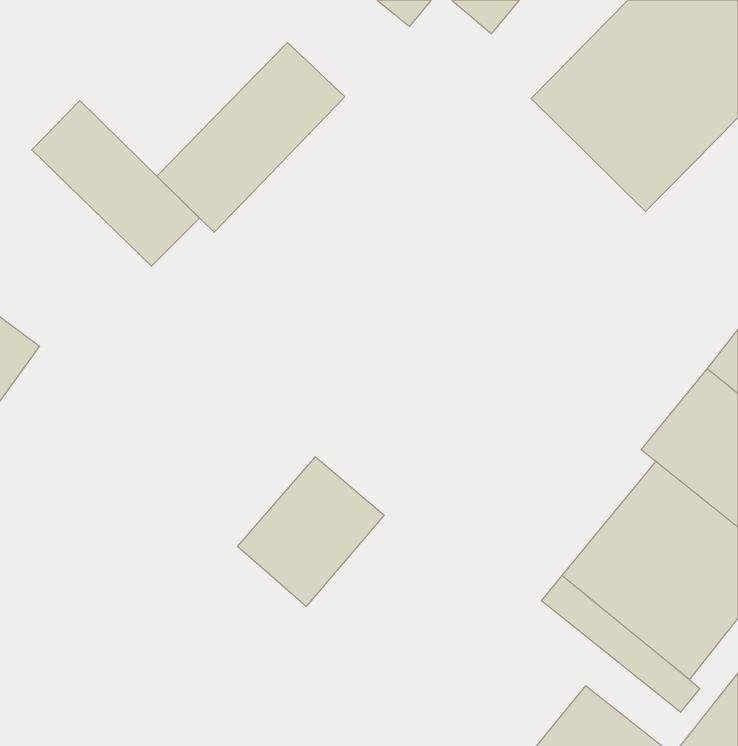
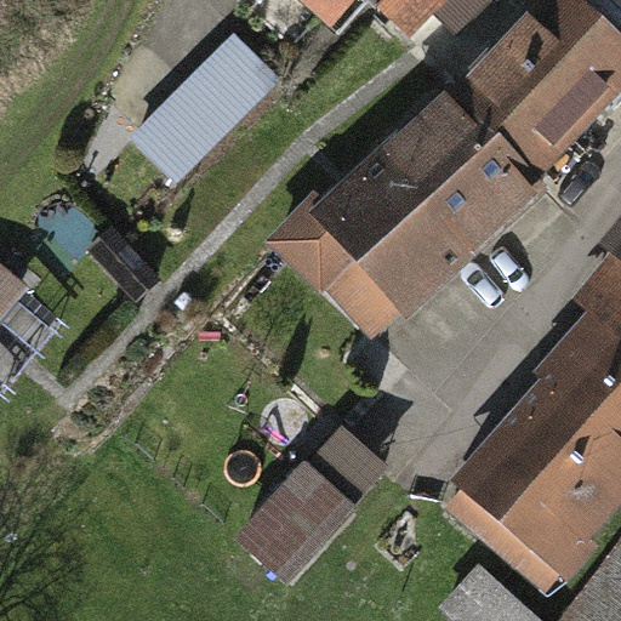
building: none -> [279,85,534,325]
building: [32,100,200,266] -> none
building: [237,457,384,606] -> [244,467,365,591]

